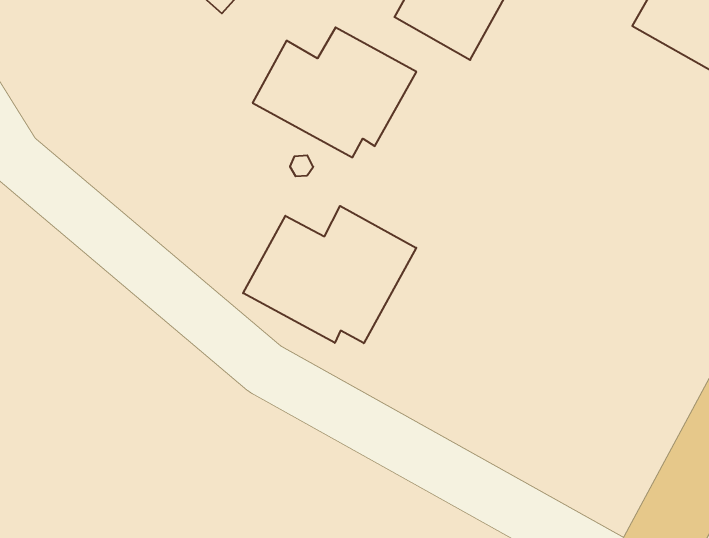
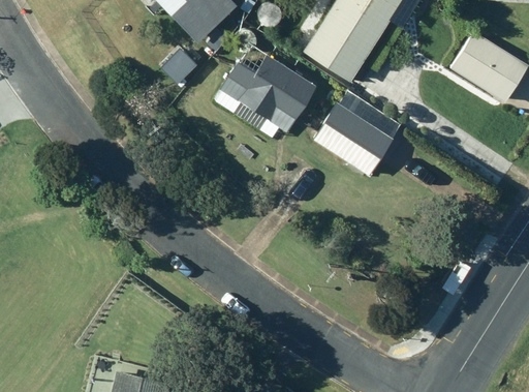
building: none -> [314,92,399,175]
building: [243,206,416,343] -> none

